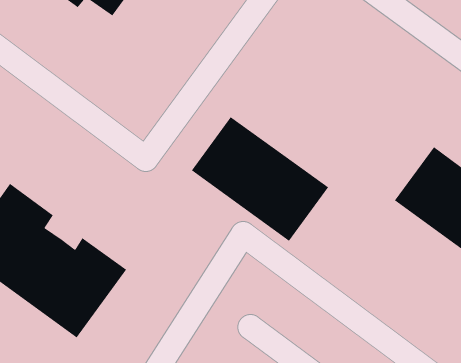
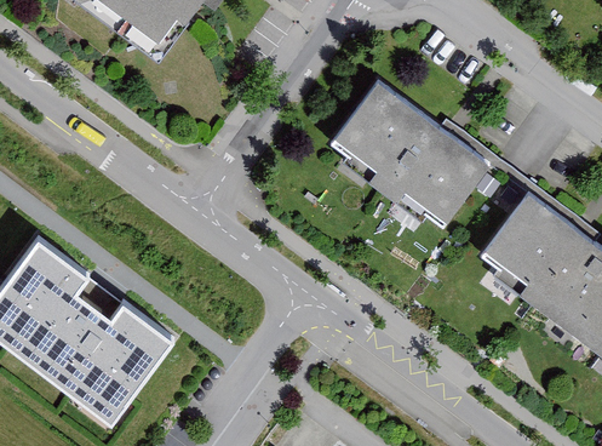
building: [191,116,329,242] -> [331,79,491,224]

